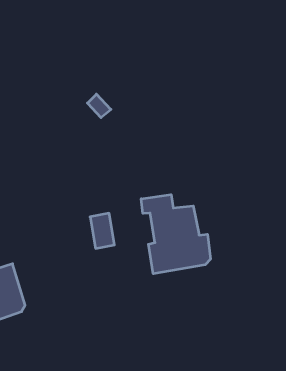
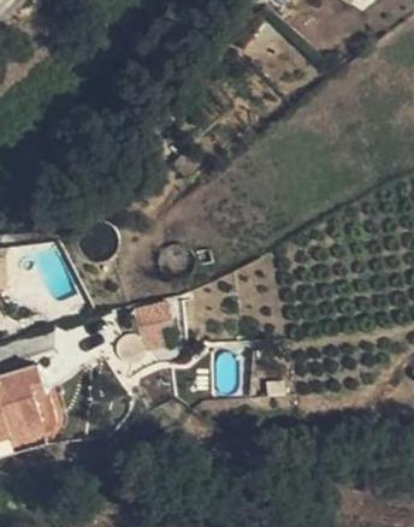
building: [141,195,210,274] -> none

